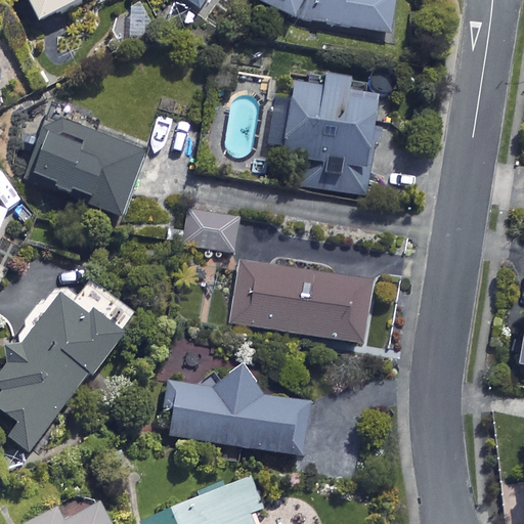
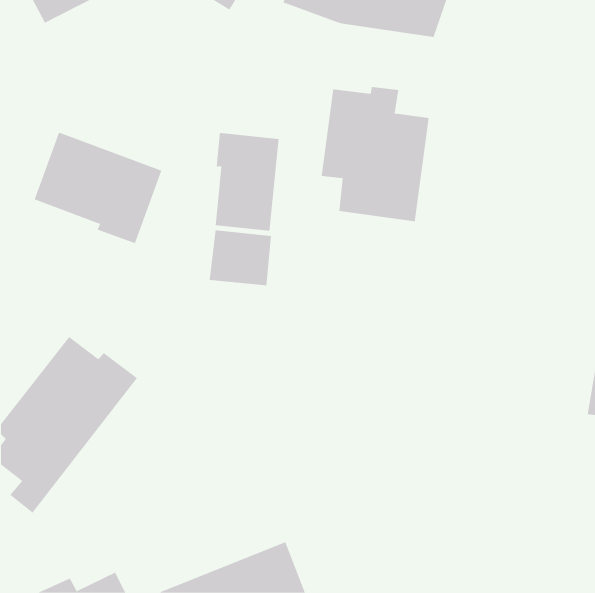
building: none -> [215,132,279,232]
building: [232,260,370,342] -> none
building: [165,367,321,454] -> none

